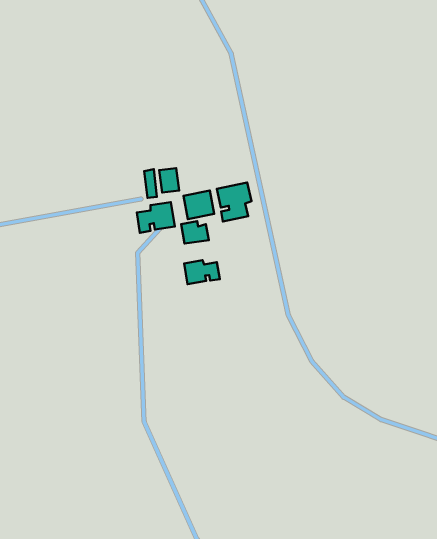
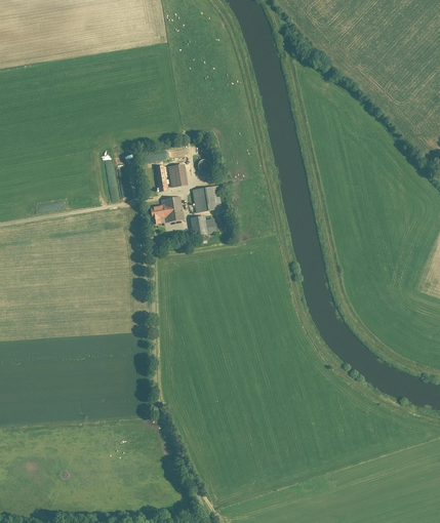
building: [217,183,251,221] -> none
building: [184,260,220,284] -> none

